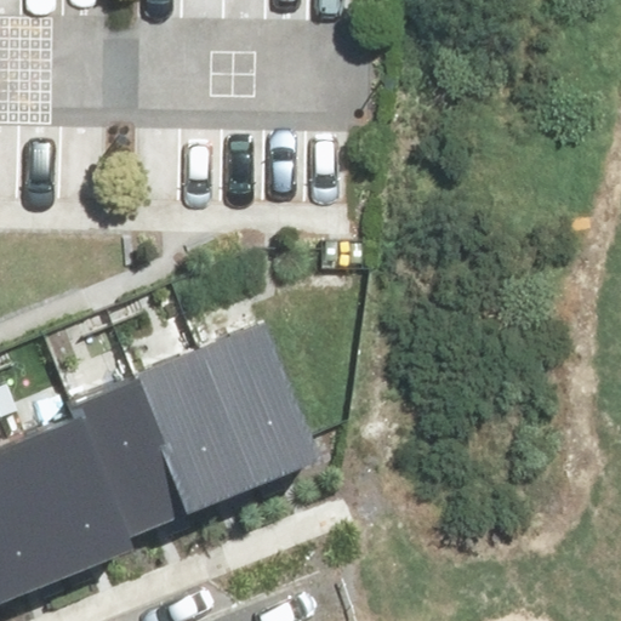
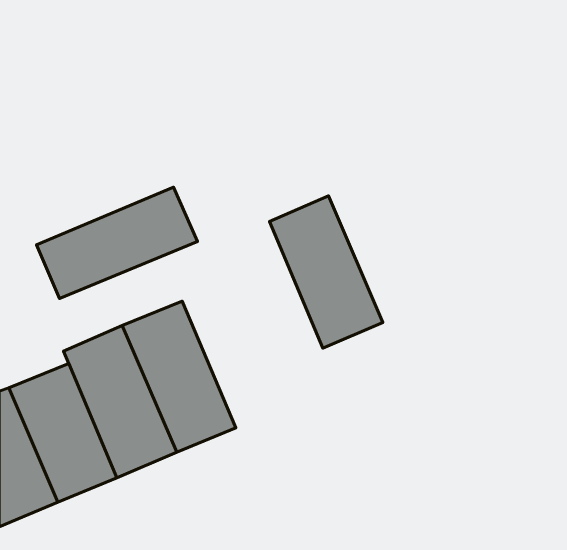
building: none -> [37,187,197,299]
building: [199,320,323,486] -> [270,196,383,348]

